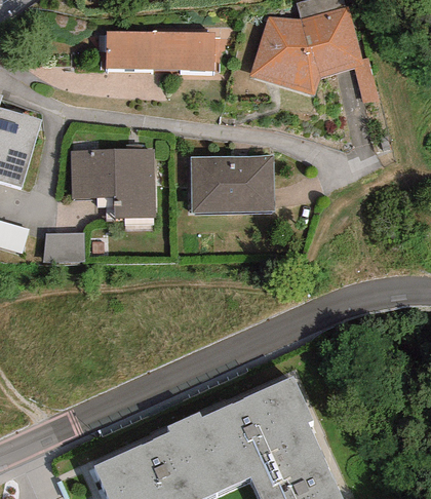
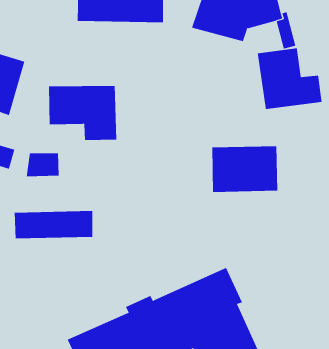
building: none -> [257,47,322,110]
building: [190,155,273,214] -> [211,146,278,193]
building: none -> [14,210,93,239]

